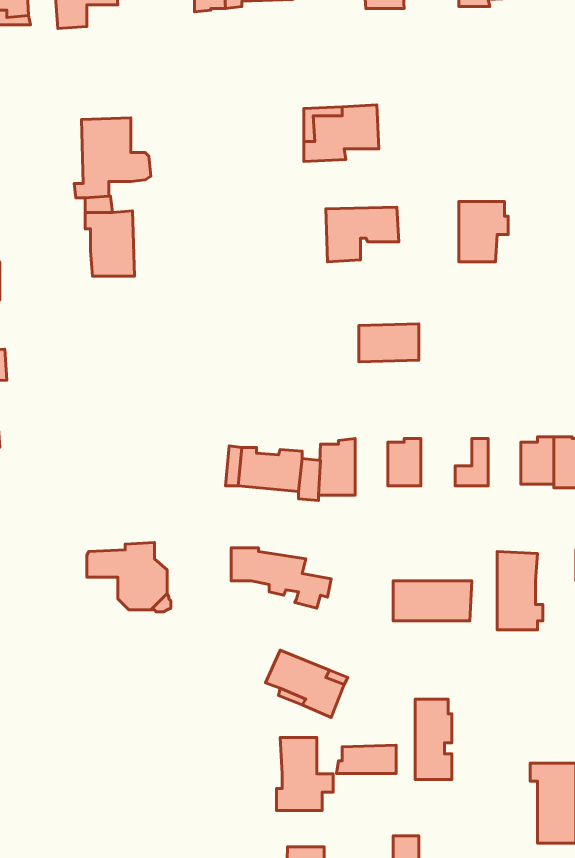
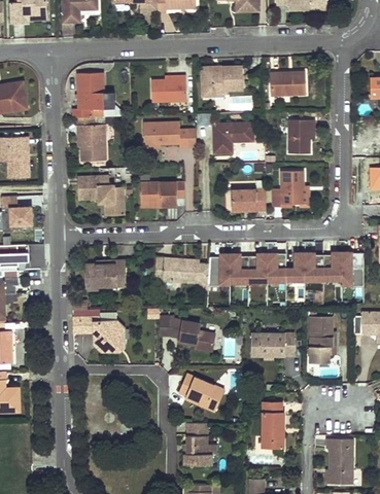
building: none -> [268,72,304,97]
building: none -> [149,76,185,103]
building: none -> [142,122,187,147]
building: none -> [272,172,304,208]
building: none -> [76,175,123,215]
building: none -> [139,181,176,206]
building: none -> [229,254,247,281]
building: none -> [266,254,285,281]
building: none -> [304,254,322,280]
building: none -> [87,266,124,290]
building: [336,745,396,773] -> none

